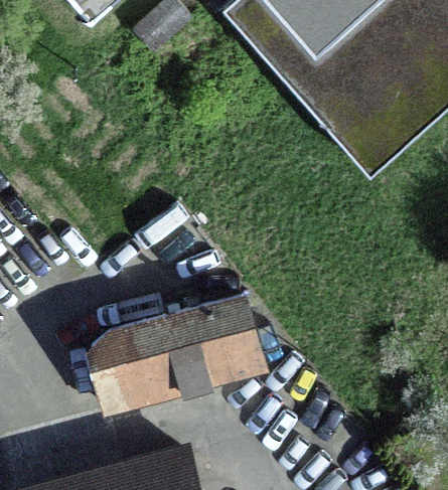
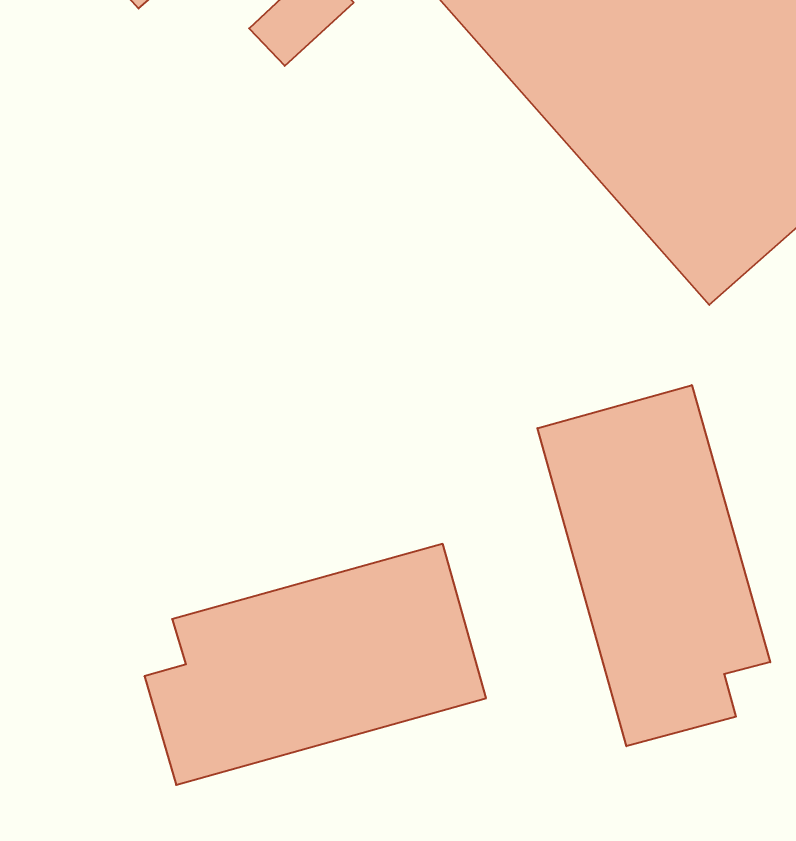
building: none -> [537,385,770,746]

